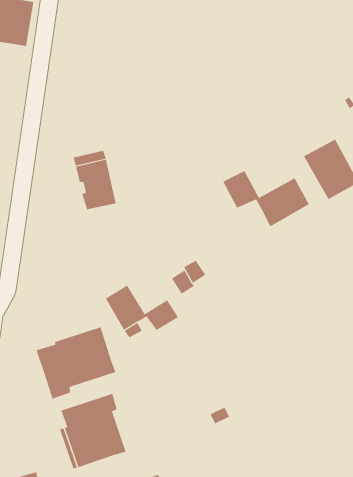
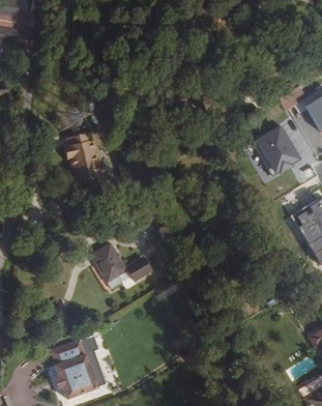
building: [222,170,310,227] -> none
building: [36,326,116,399] -> none

